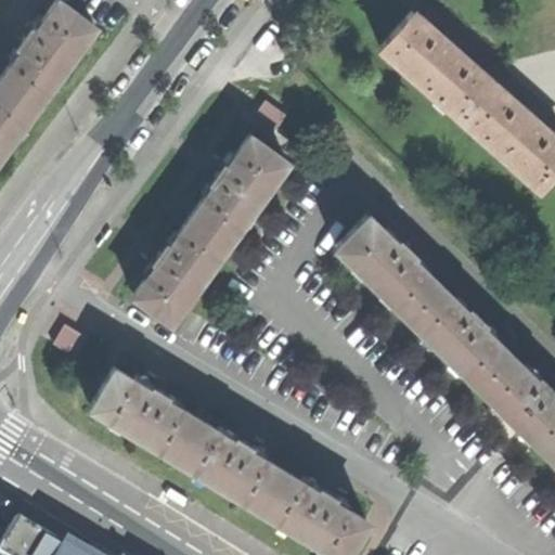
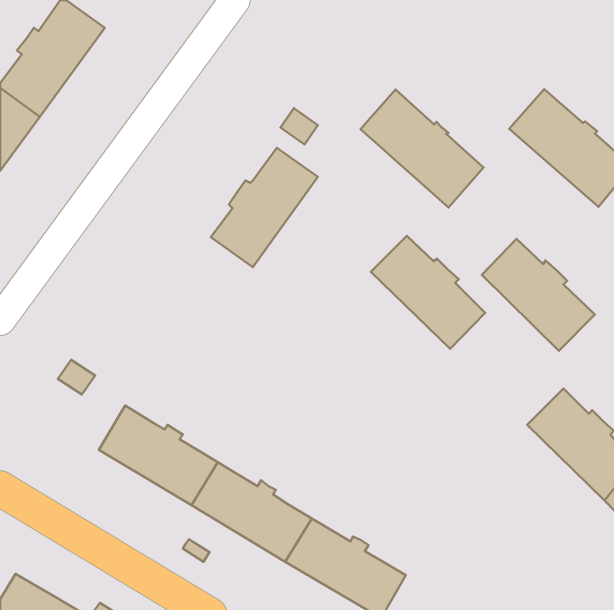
building: [380,14,491,120] -> [361,89,483,207]
building: [133,218,229,325] -> none
building: [406,286,508,387] -> [482,239,595,351]

